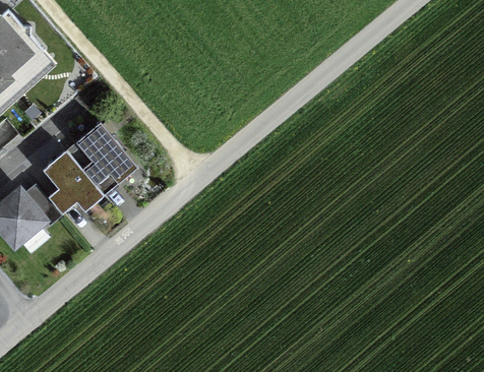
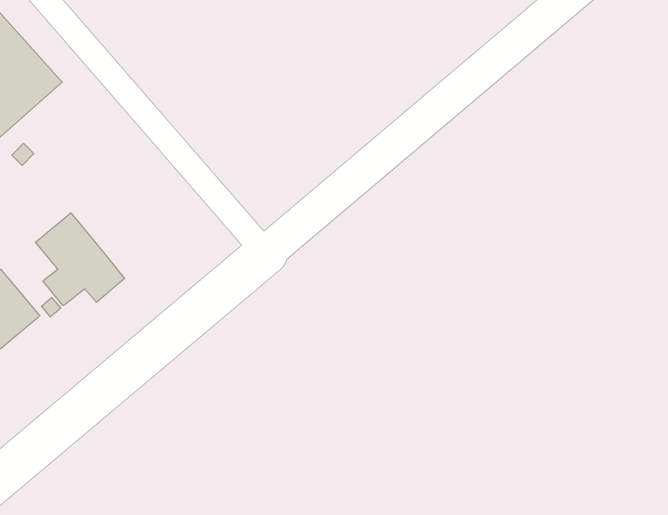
building: [73,124,135,186] -> none

